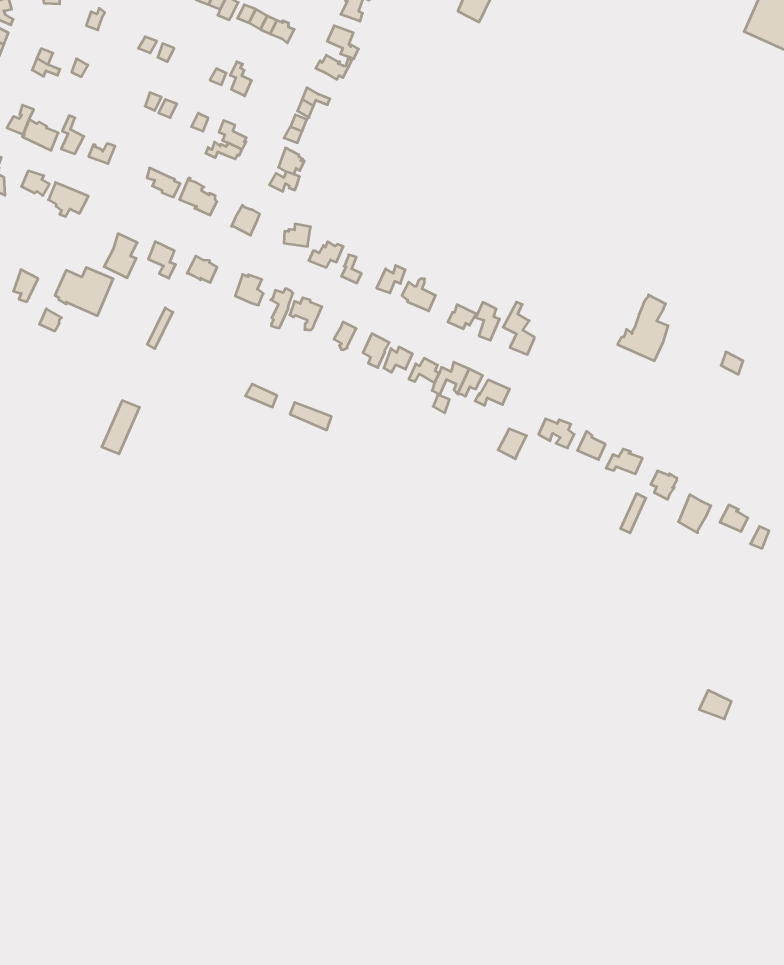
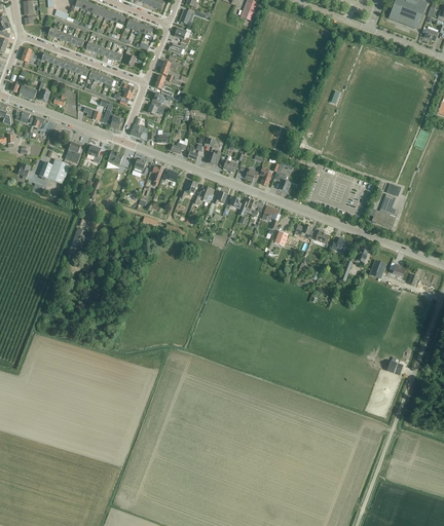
building: [618,295,668,361] -> [372,193,398,227]

